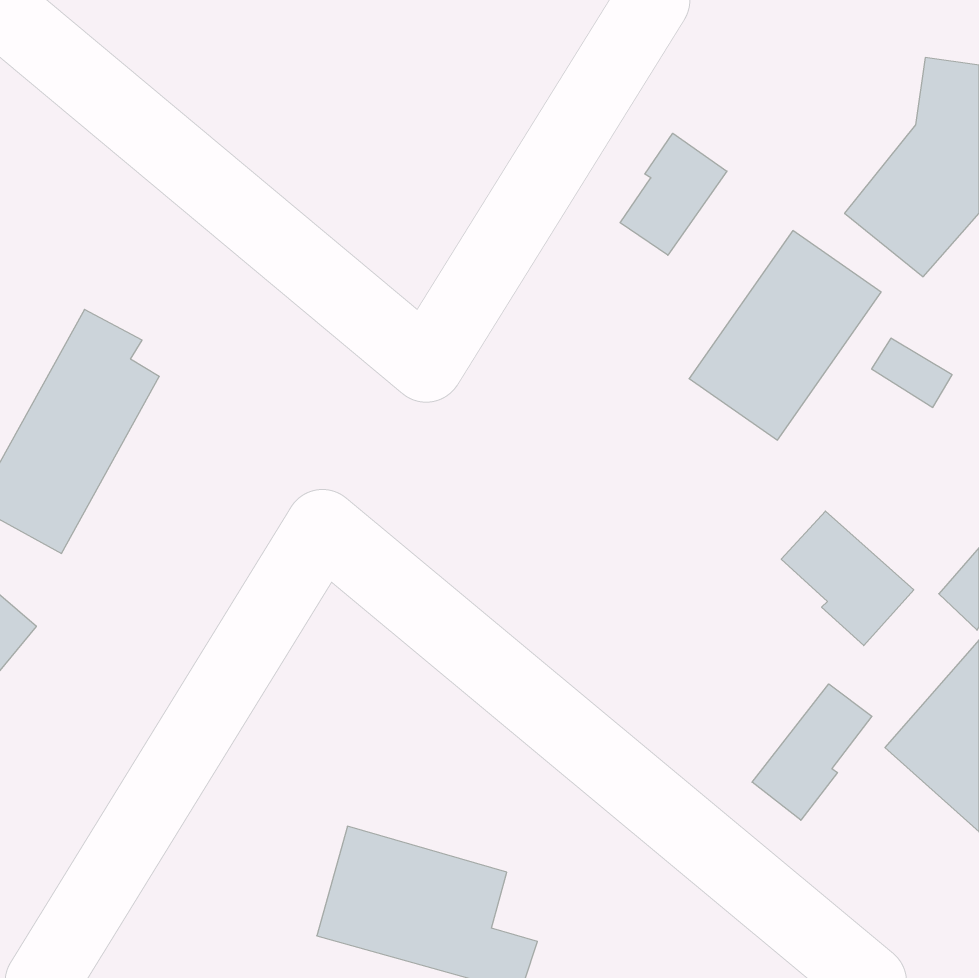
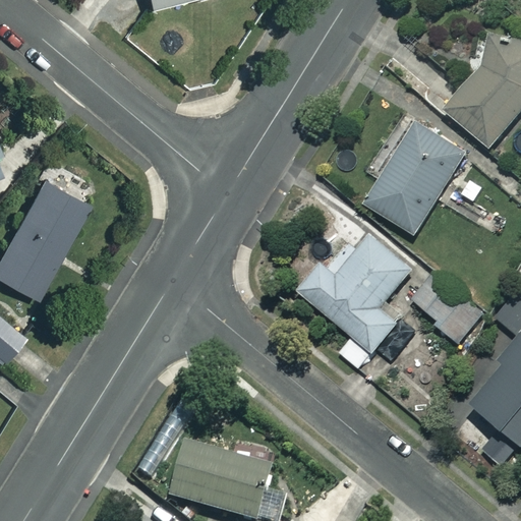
building: [620,133,727,255] -> none
building: none -> [298,232,413,372]
building: [752,684,872,820] -> none

